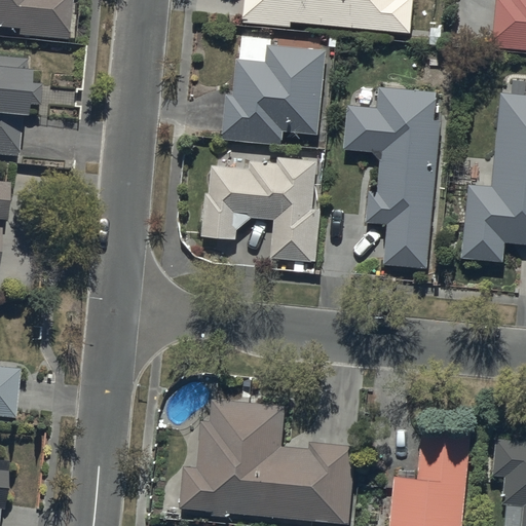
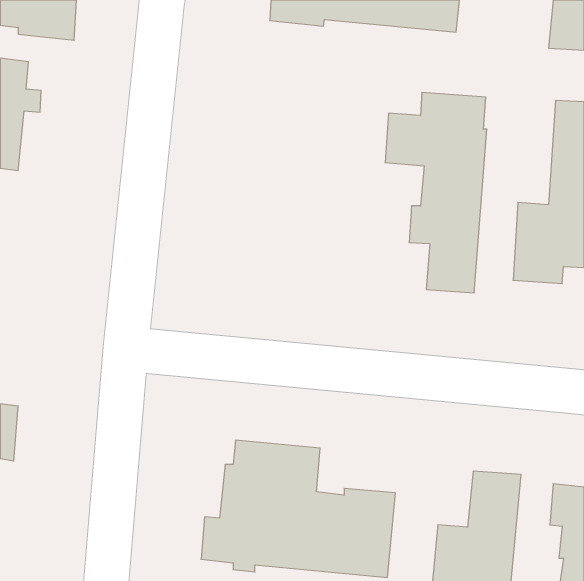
building: [222,36,325,146] -> none
building: [200,157,321,261] -> none

